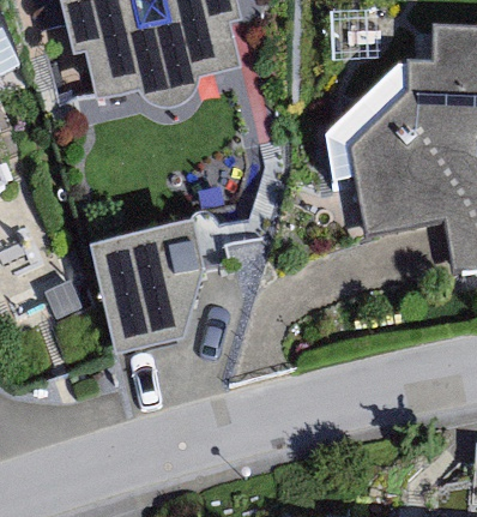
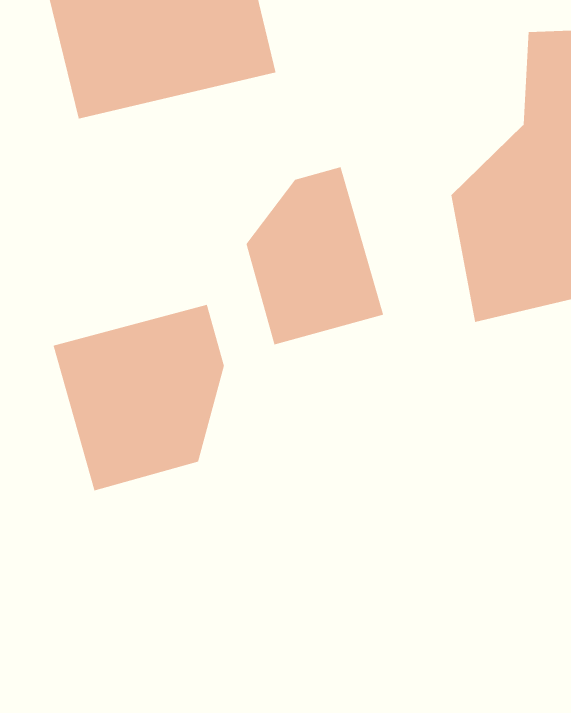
building: none -> [245,166,384,346]

